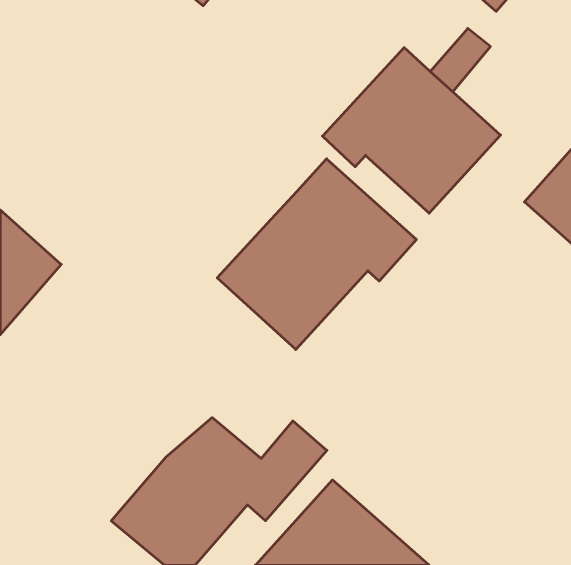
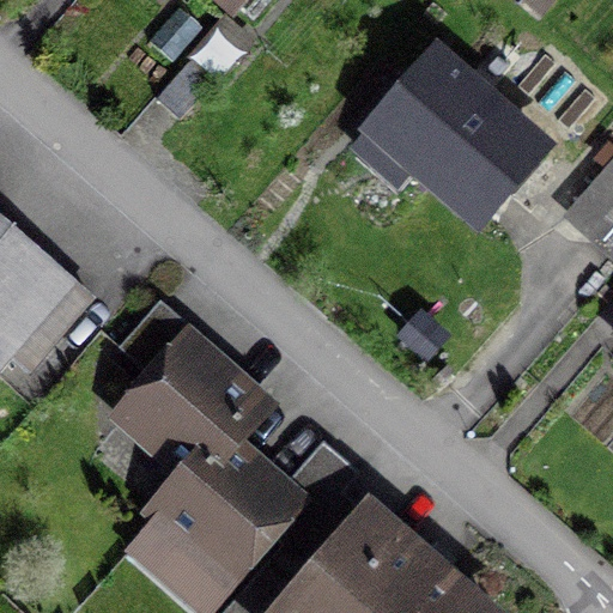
building: [217,159,416,350] -> none
building: none -> [108,330,267,482]

